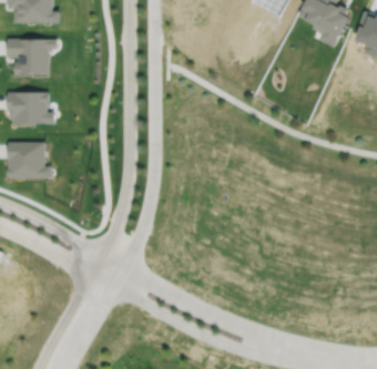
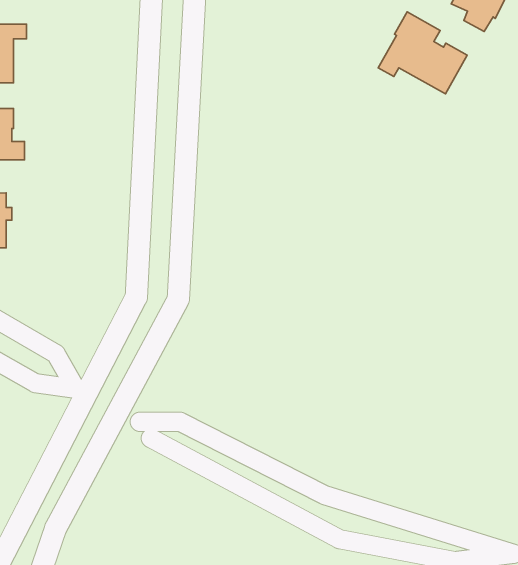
building: none -> [378,12,467,94]

